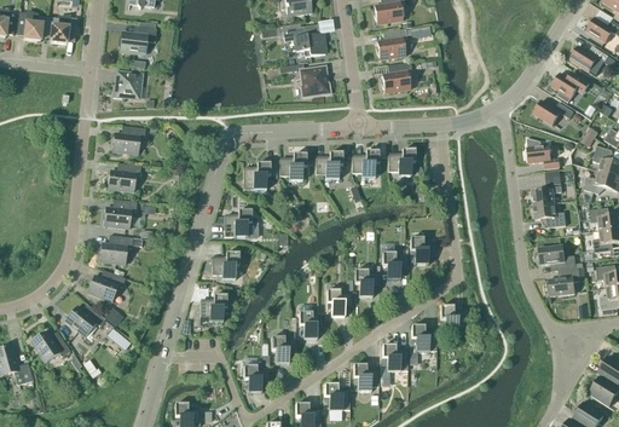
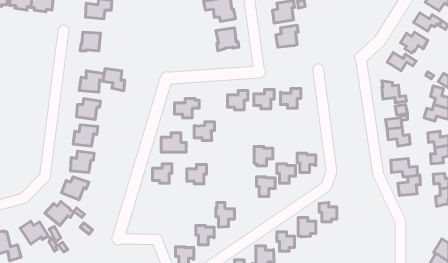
building: none -> [103,69,125,90]
building: [278,154,306,179] -> [194,122,215,140]
building: [326,289,352,316] -> [254,147,273,166]
building: [199,294,226,321] -> [187,164,206,184]

